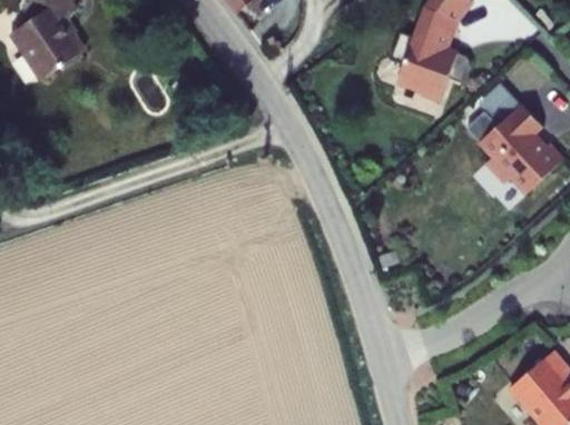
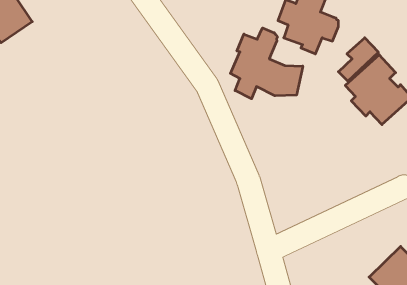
building: none -> [230,28,303,99]

